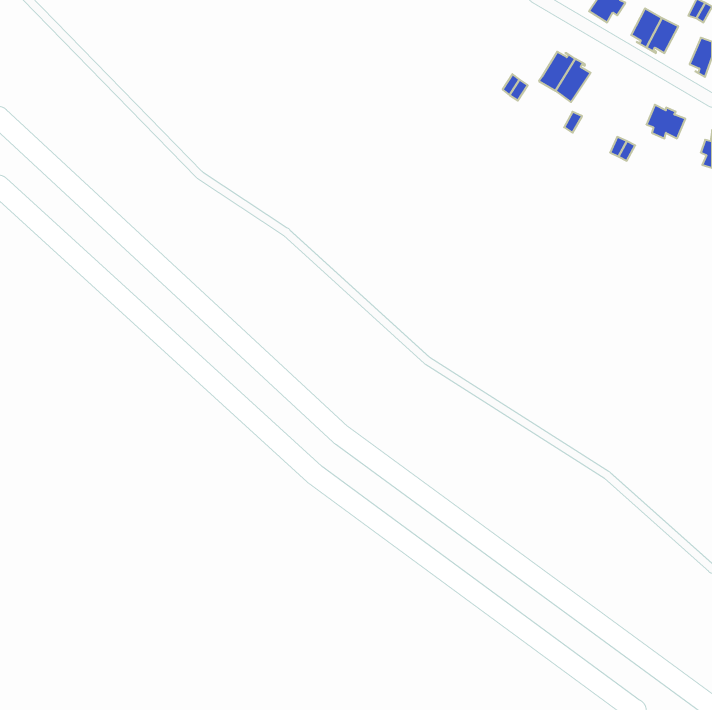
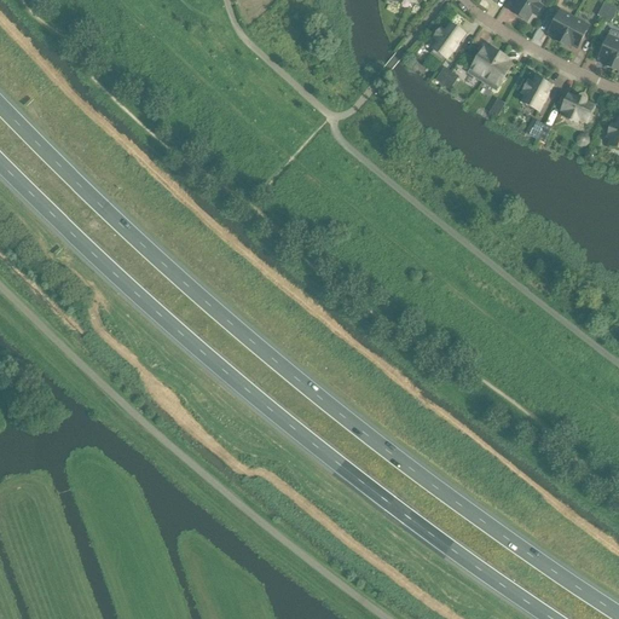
building: none -> [430,21,463,58]
building: none -> [521,75,550,108]

